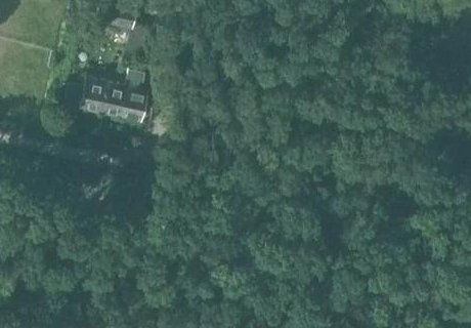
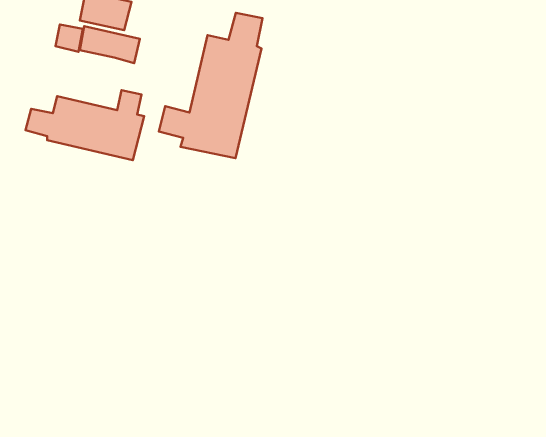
building: none -> [159,13,262,158]

